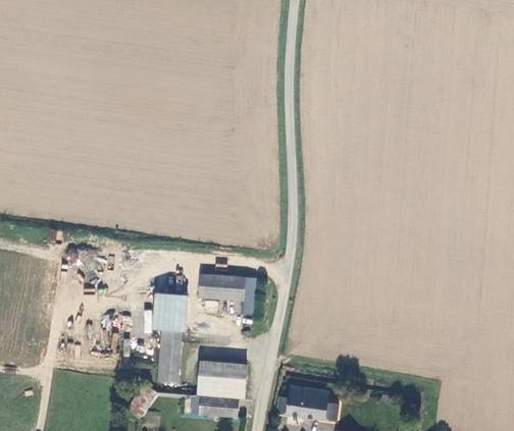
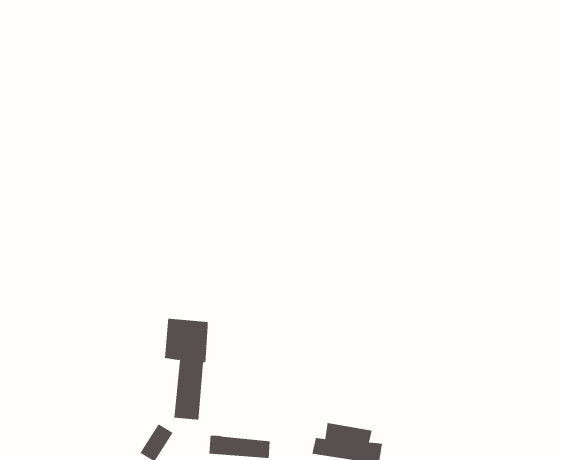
building: [197,274,257,315] -> none
building: [195,361,247,401] -> none

